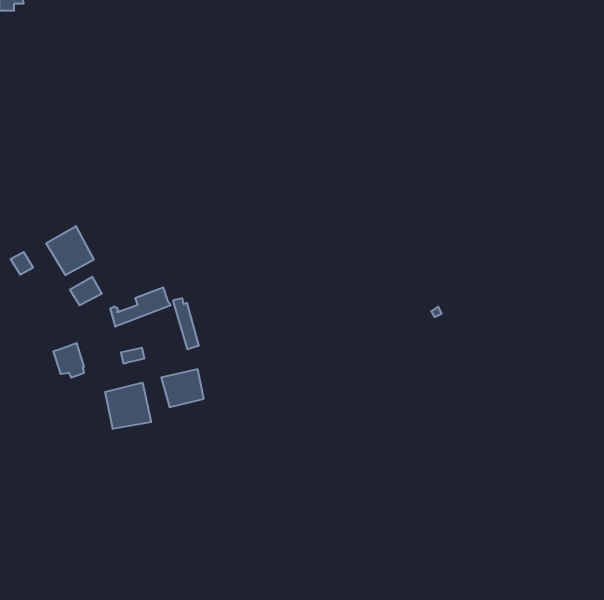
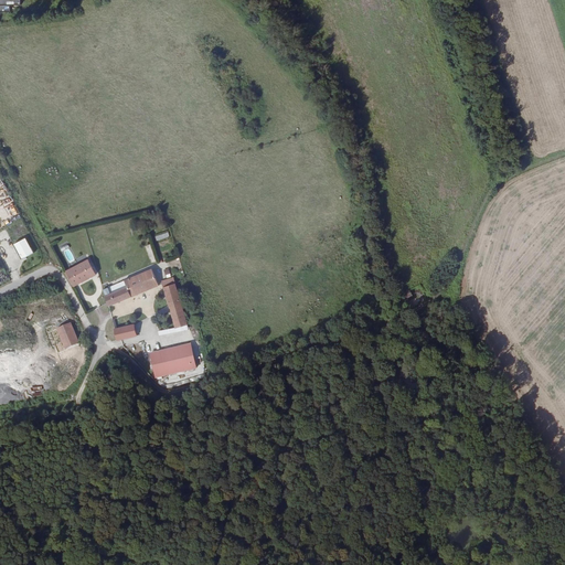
building: [46,226,94,275] -> none
building: [105,383,151,429] -> none

